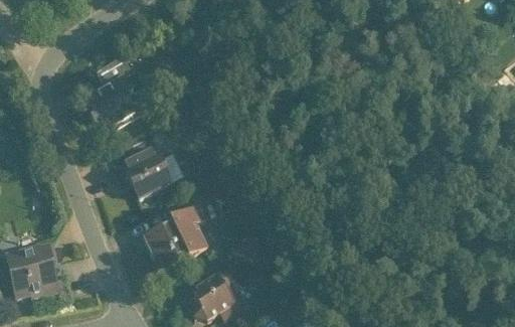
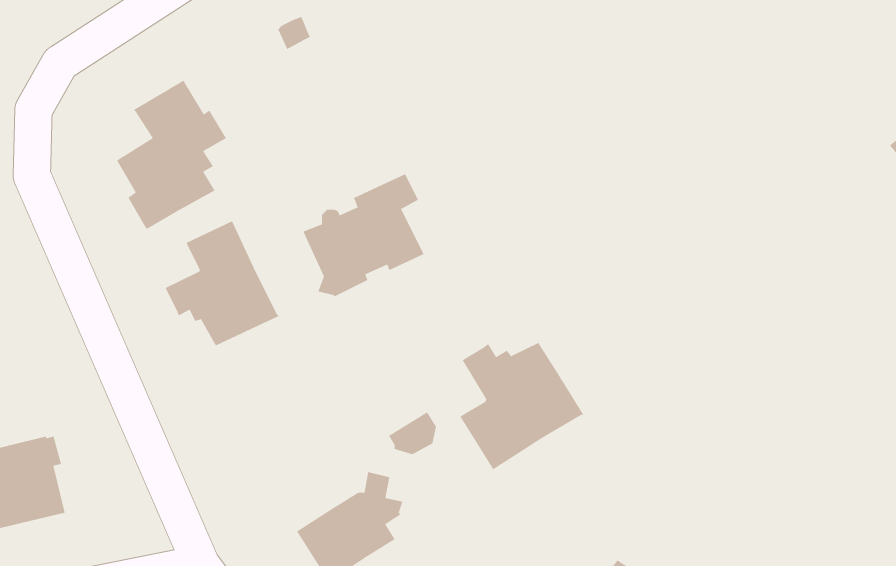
building: none -> [460,342,584,470]
building: [144,204,209,271] -> [302,173,424,297]

